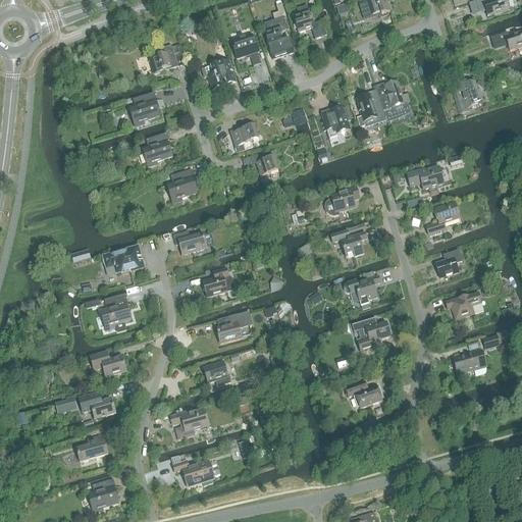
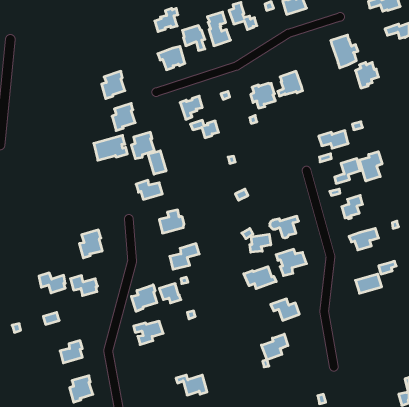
building: [150,43,179,72] -> [155,8,178,32]
building: [376,80,411,121] -> [331,35,358,68]
building: [324,187,359,215] -> none
building: none -> [148,151,166,174]
building: none -> [360,152,382,181]
building: [330,228,367,256] -> none
building: [102,244,145,275] -> [94,135,127,160]
building: none -> [250,234,271,252]
building: none -> [244,267,276,289]
building: none -> [131,285,157,311]
building: [80,394,113,419] -> [39,273,65,293]
building: none -> [261,334,288,360]
building: [173,461,213,486] -> [176,375,207,395]

